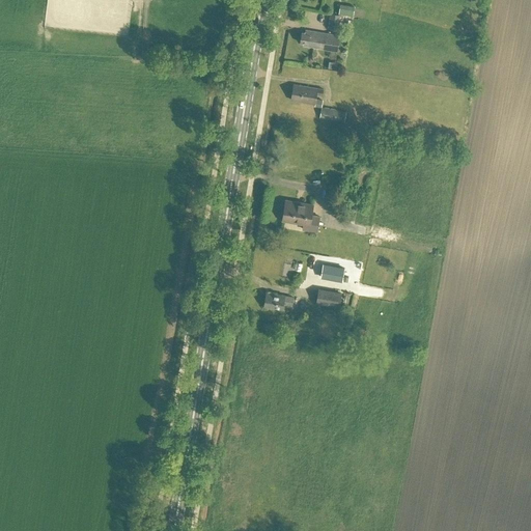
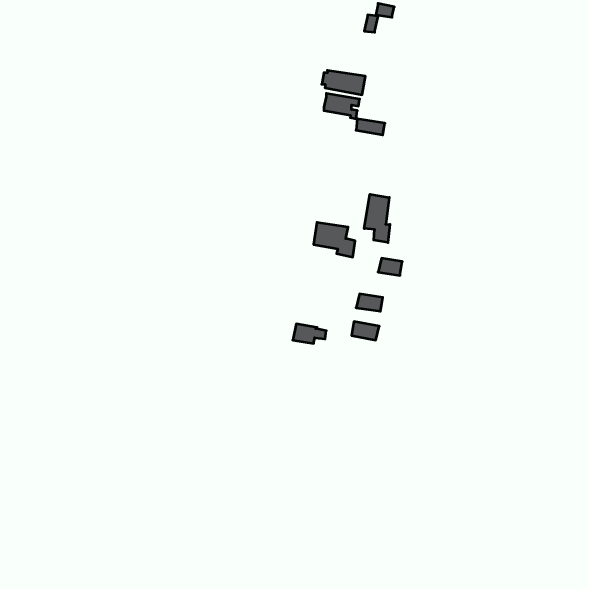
building: [300,30,339,52] -> [322,70,365,95]
building: none -> [364,194,390,243]

